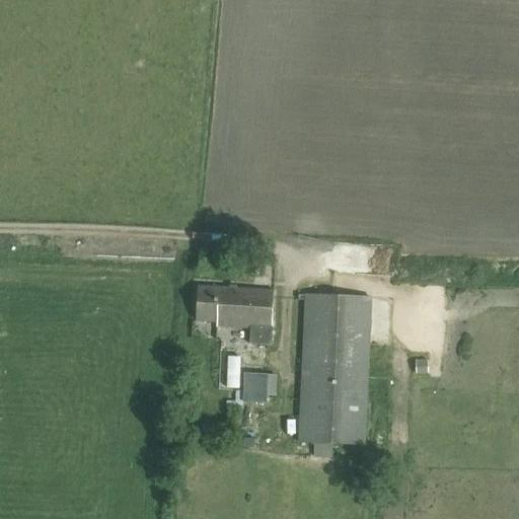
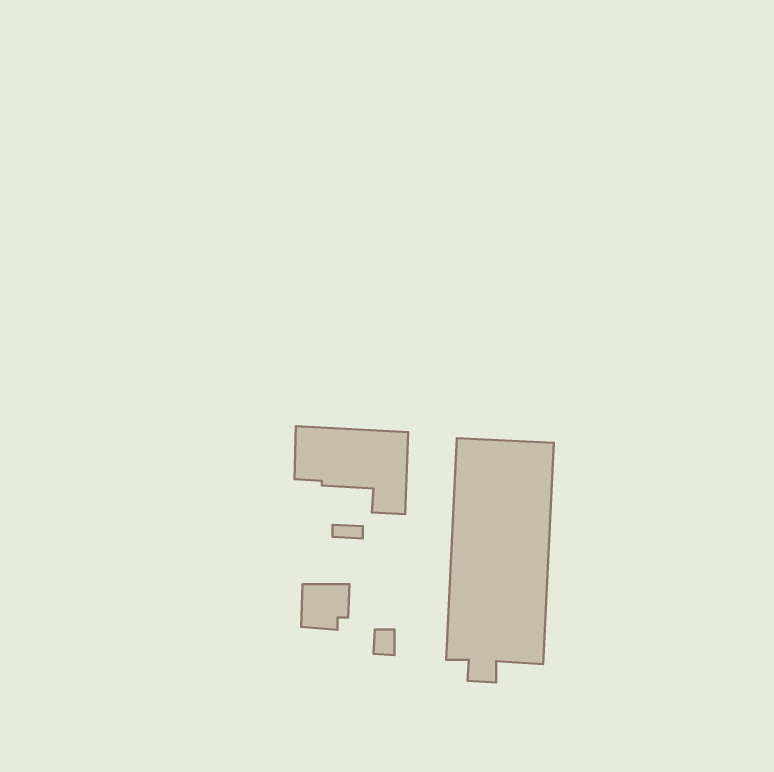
building: [242,372,275,402] -> [301,584,350,630]

